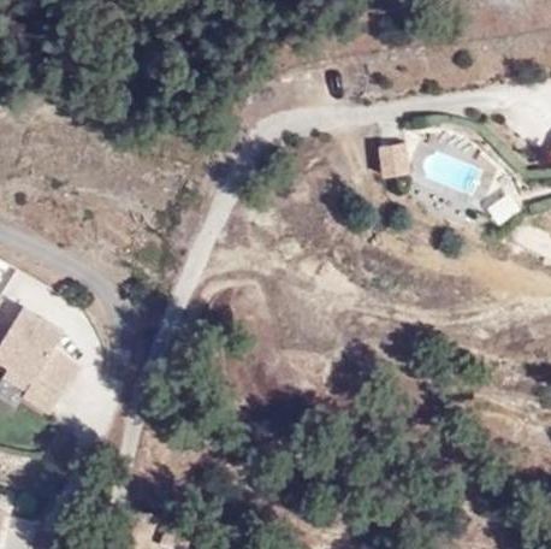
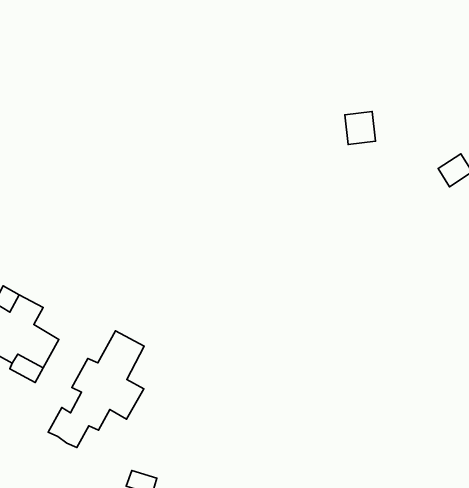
building: none -> [48,331,144,447]

